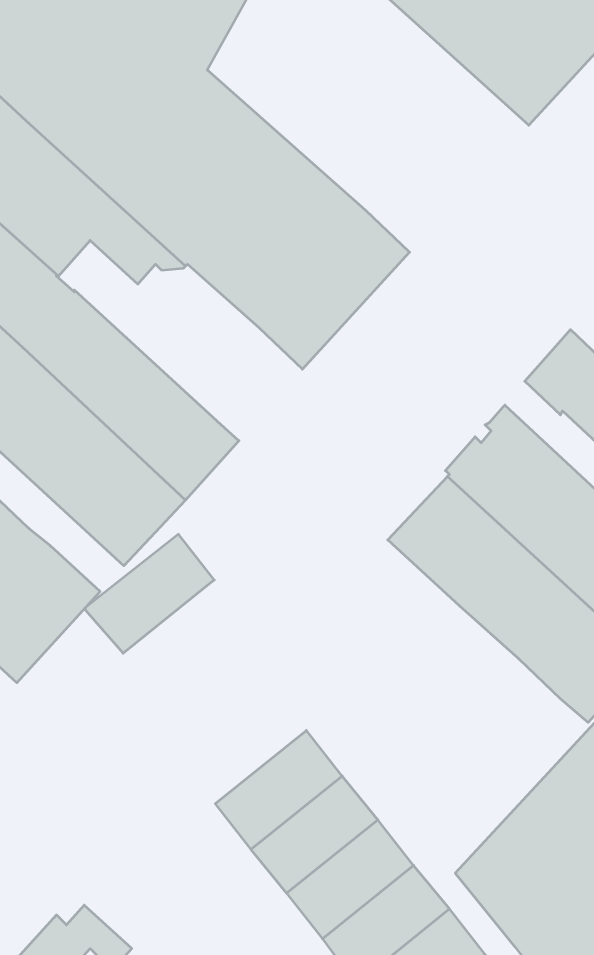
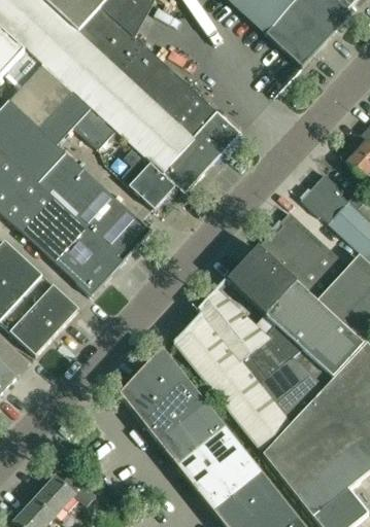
building: none -> [124,147,175,208]
building: [85,534,214,653] -> [120,356,187,418]
building: none -> [174,288,324,451]

